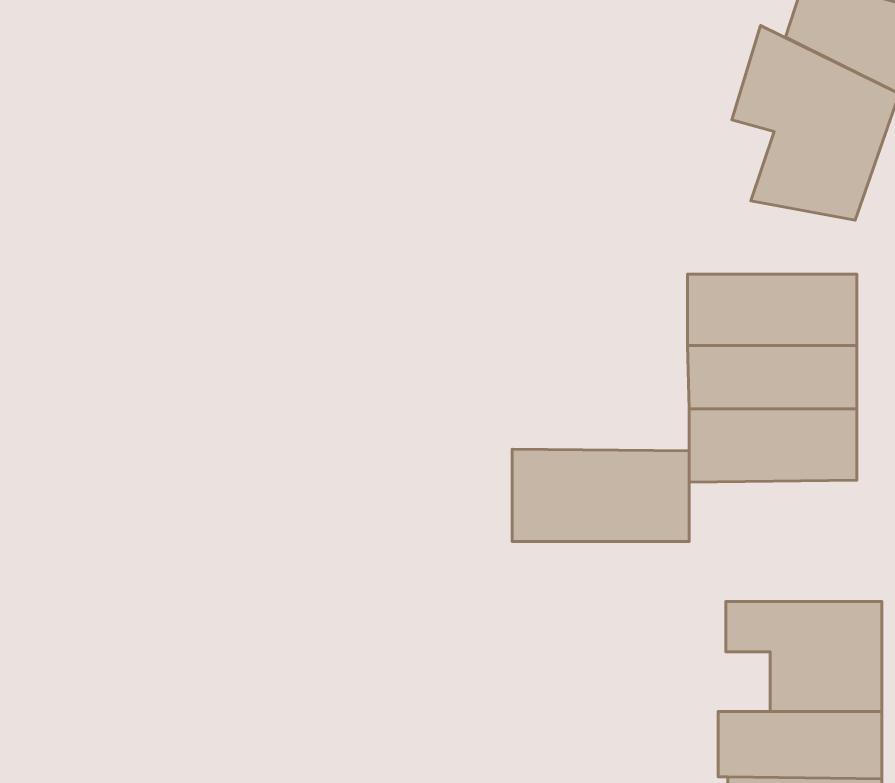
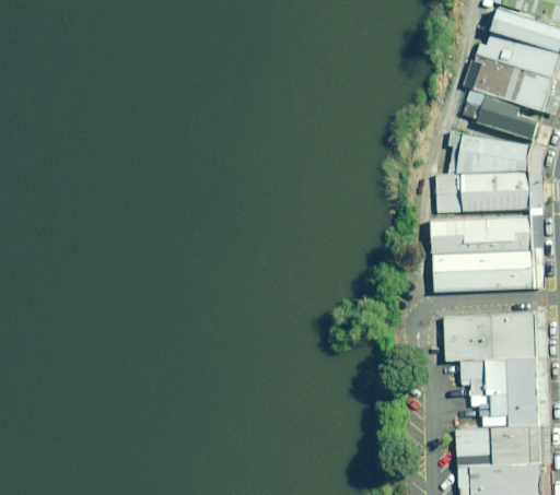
building: none -> [447,133,529,179]
building: [512,449,689,542] -> [443,313,544,365]

